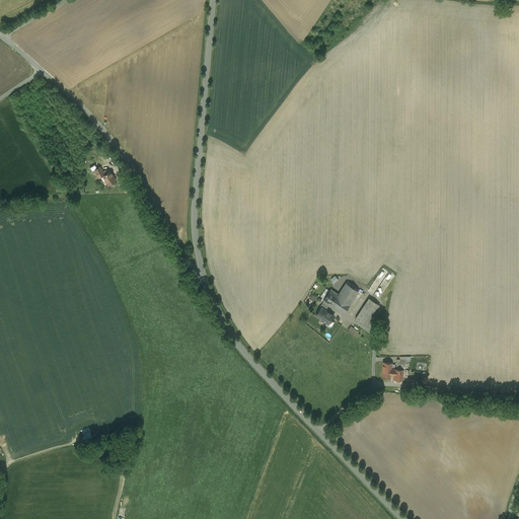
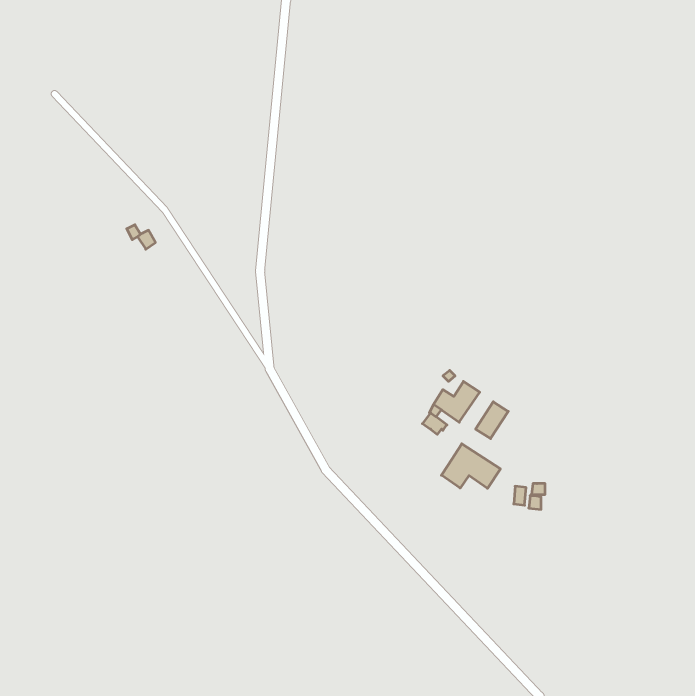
building: none -> [441,444,500,488]

